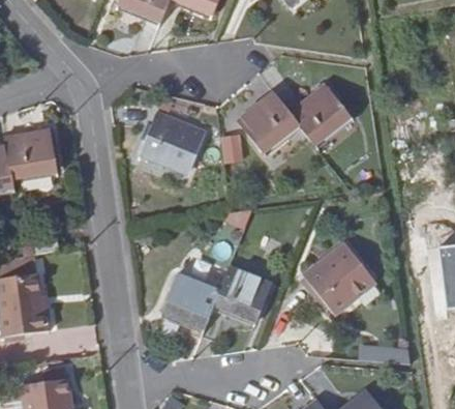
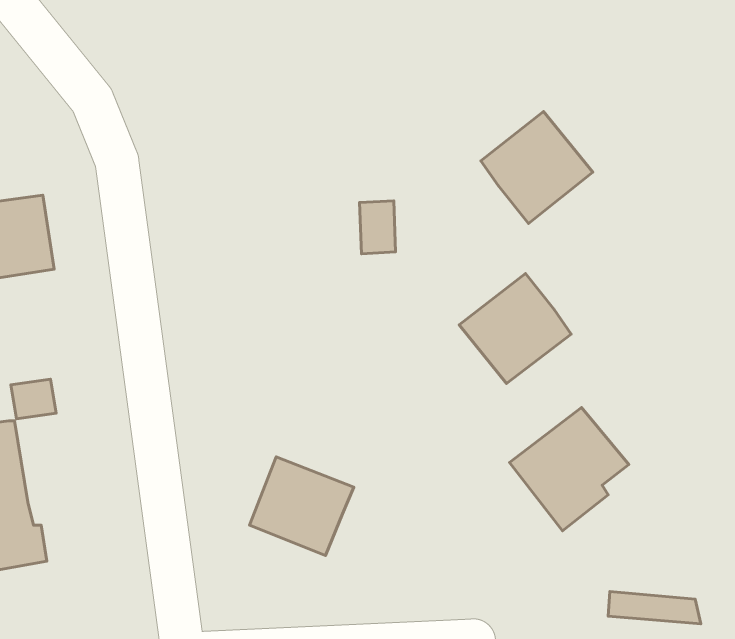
building: [237,92,298,152] -> [459,274,571,384]
building: [140,113,205,168] -> none
building: [213,267,271,321] -> none

